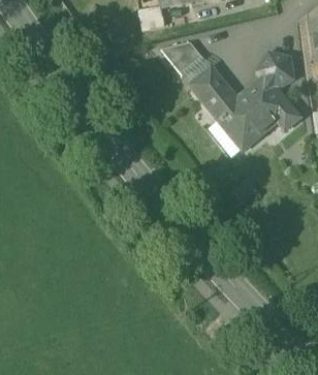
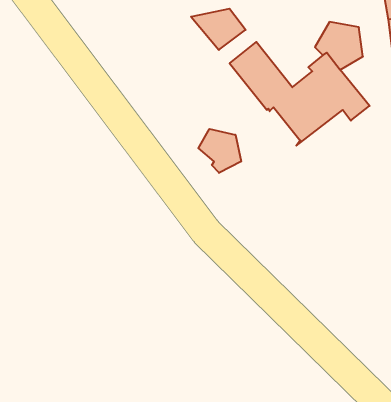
building: none -> [198,129,241,173]

